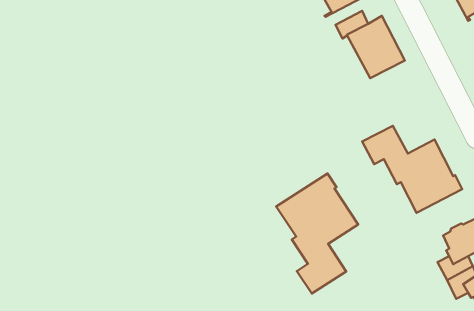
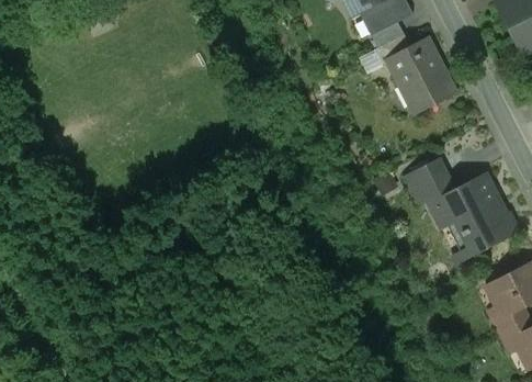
building: [276,174,358,294] -> none

